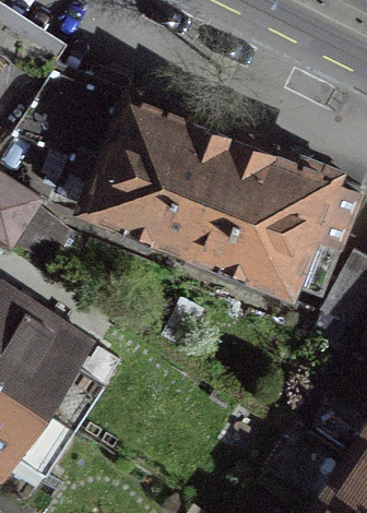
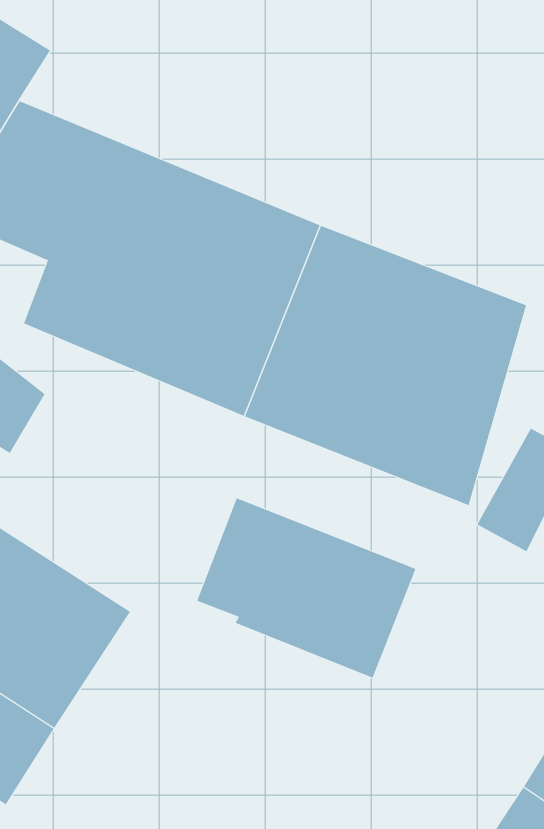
building: none -> [197,497,416,679]

